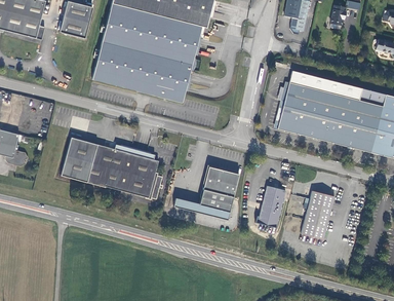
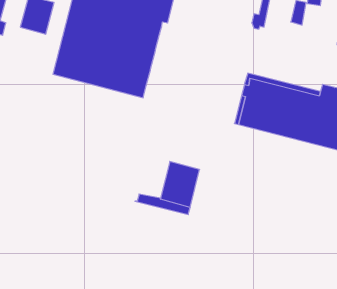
building: [61,137,163,199] -> none
building: [257,185,285,227] -> none
building: [301,190,333,239] -> none

